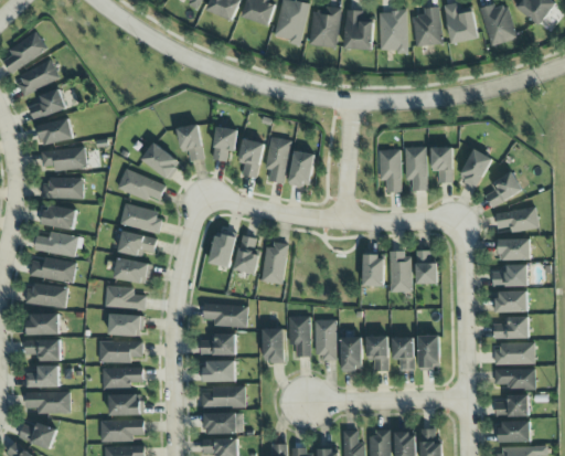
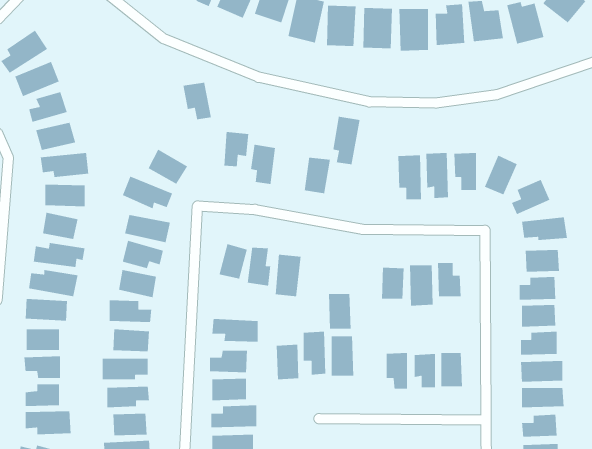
building: [177,125,204,161] -> [183,82,212,120]
building: [265,137,291,183] -> [332,116,360,165]
building: [340,337,362,371] -> [328,293,351,329]

